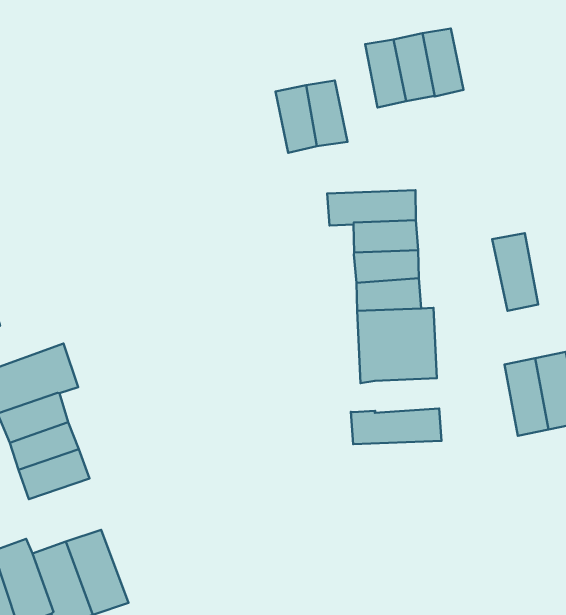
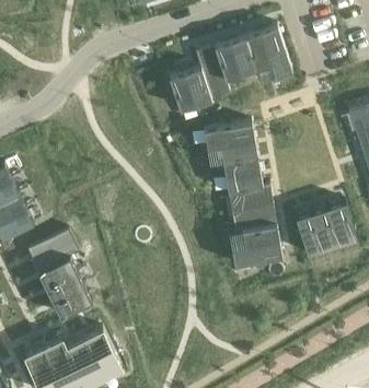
building: none -> [261,26,292,78]
building: none -> [196,46,230,101]
building: [492,233,538,311] -> [295,212,324,256]
building: none -> [242,224,279,247]

